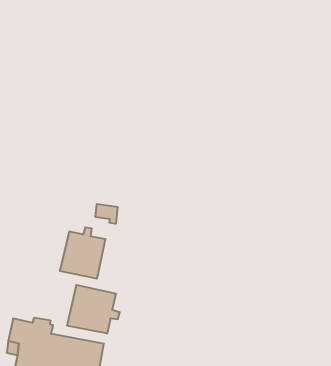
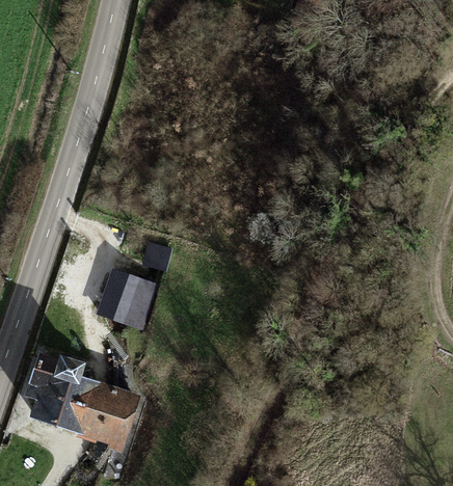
building: [67,285,120,334] -> none

